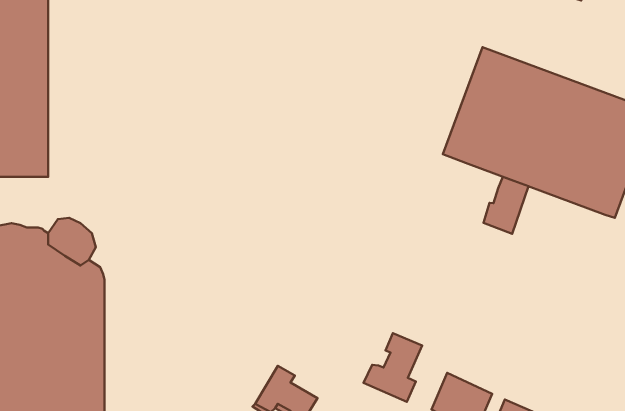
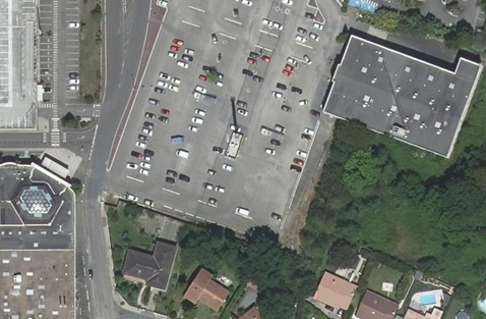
building: [483,177,529,234] -> none
building: [363,333,422,402] -> none
building: none -> [126,243,177,286]

